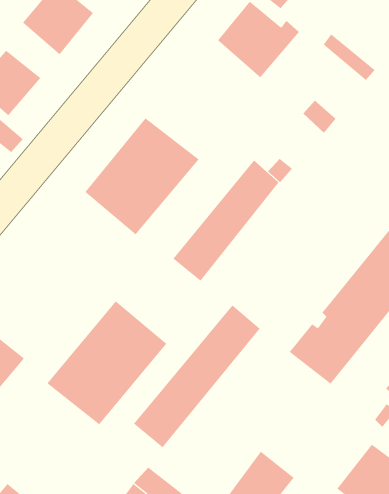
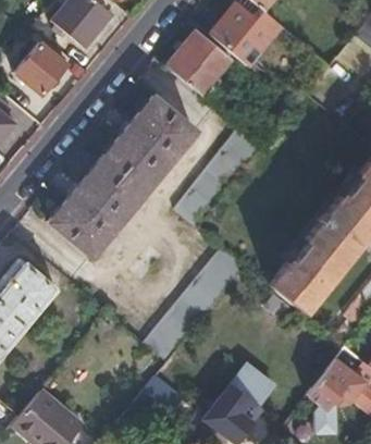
building: none -> [165,30,231,96]
building: [47,301,167,425] -> [48,156,145,256]

